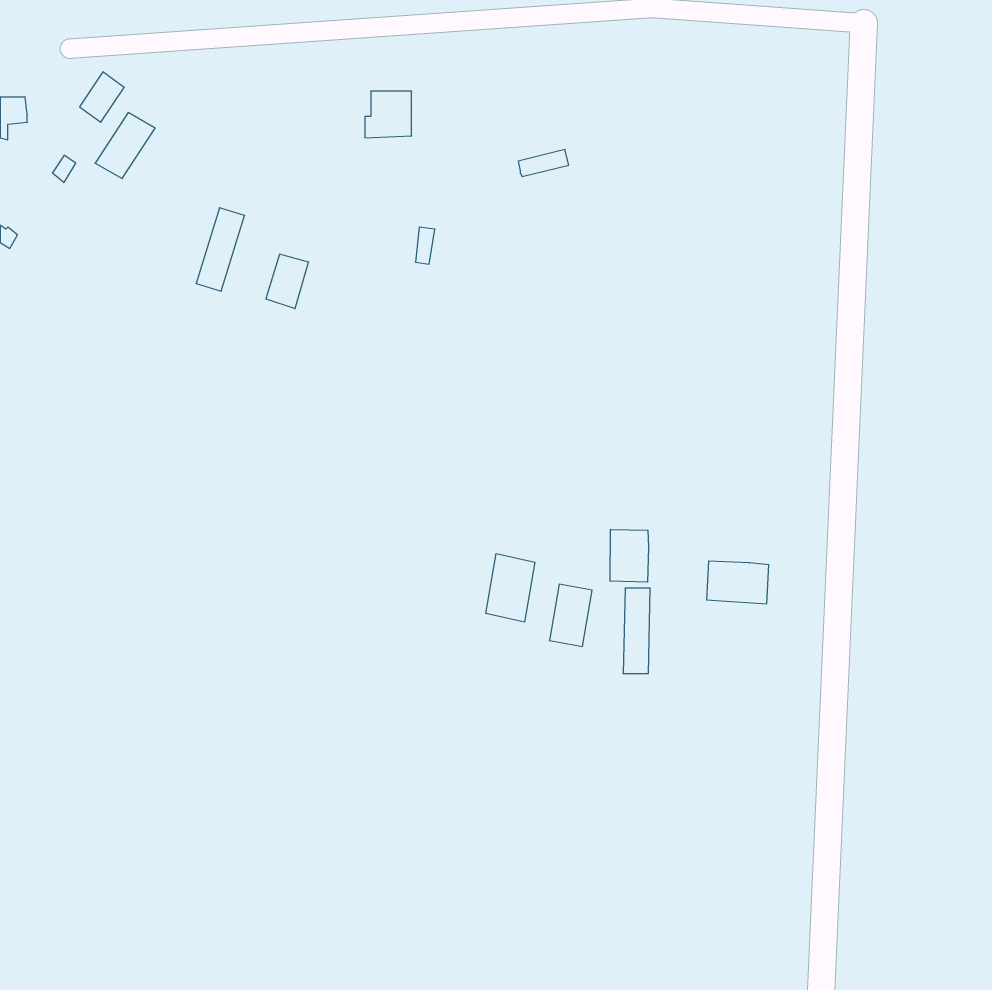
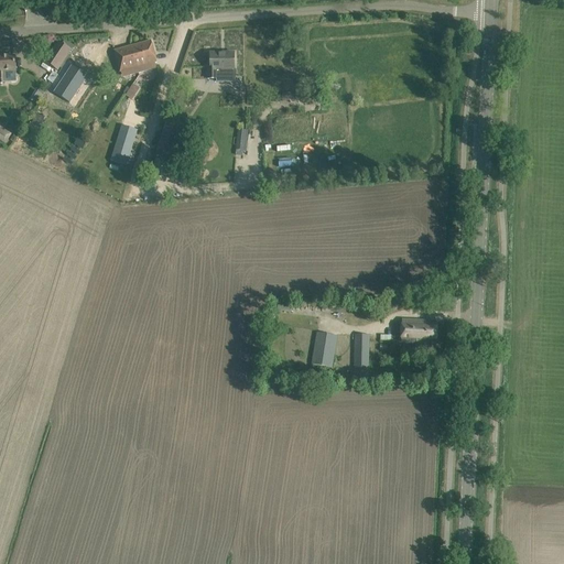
building: none -> [115,40,156,72]
building: [610,529,648,582] -> none
building: [486,554,535,622] -> none

